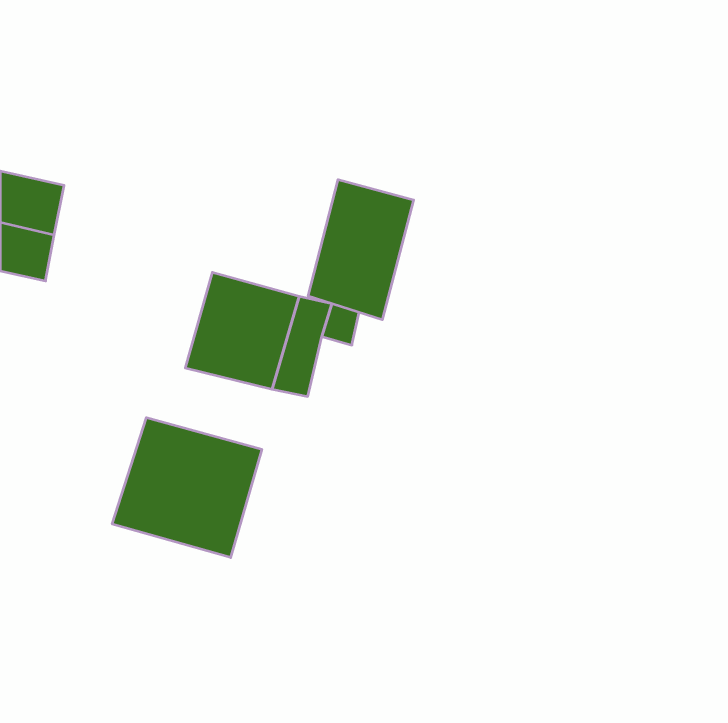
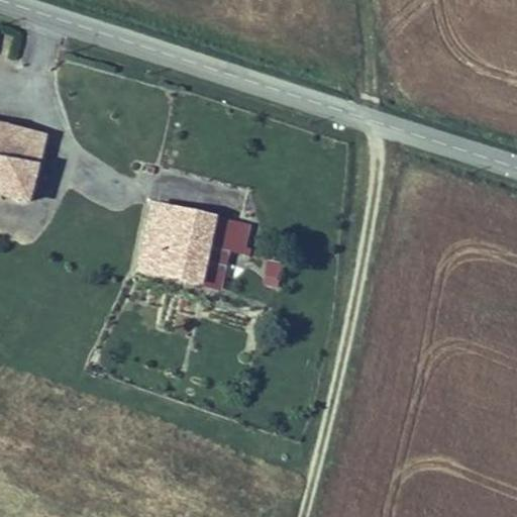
building: [308,180,414,320] -> none
building: [112,418,262,558] -> none

